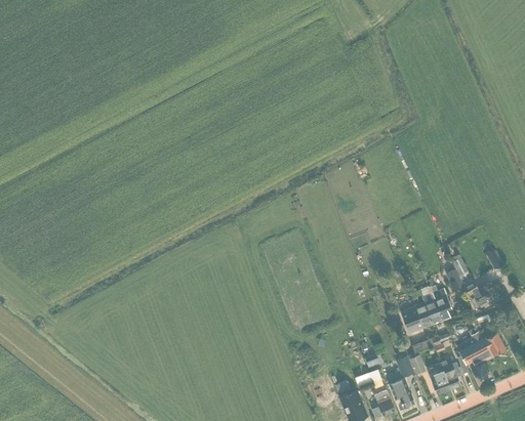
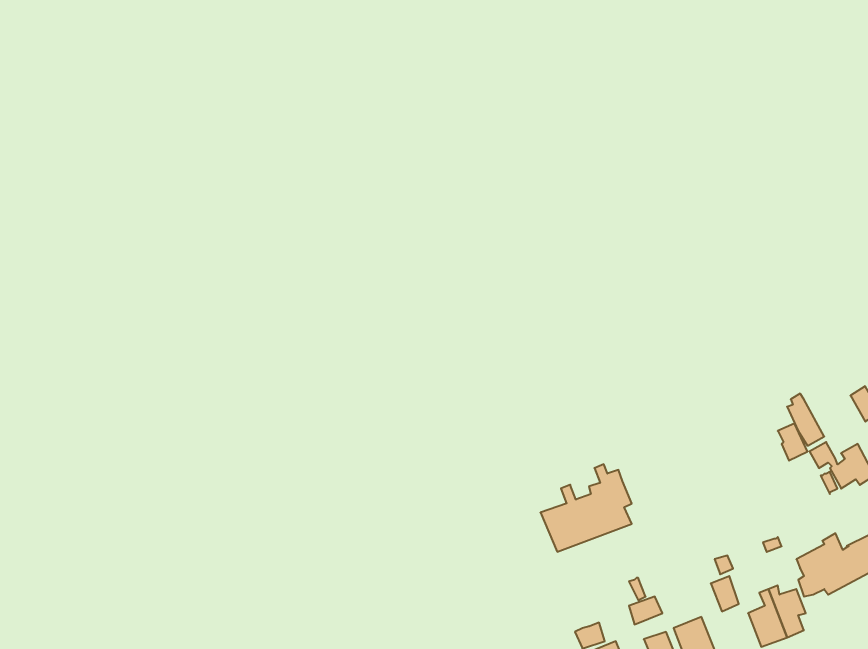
building: [400,286,450,334] -> [540,464,632,552]

